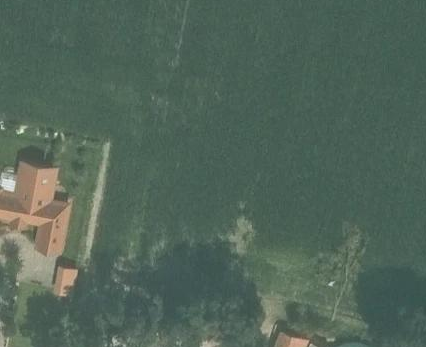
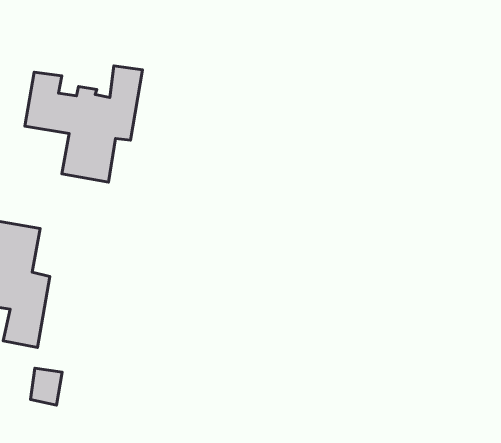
building: none -> [25,66,143,182]

